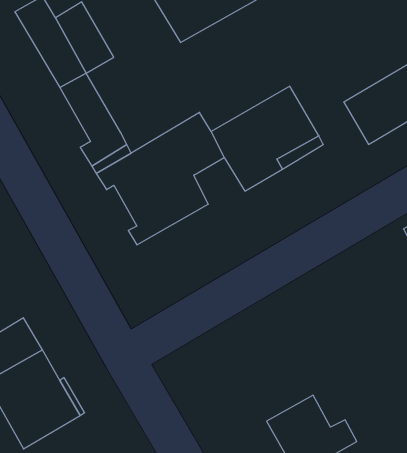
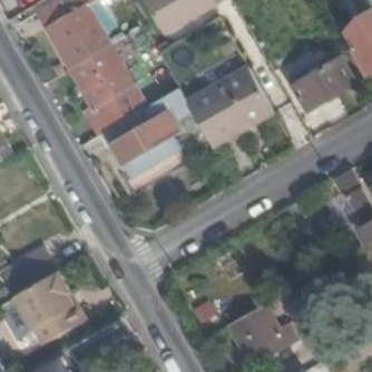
building: none -> [90,46,137,104]

